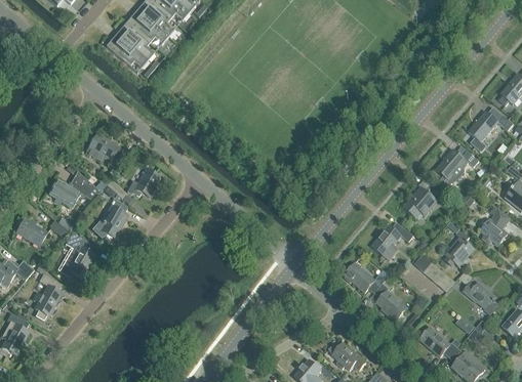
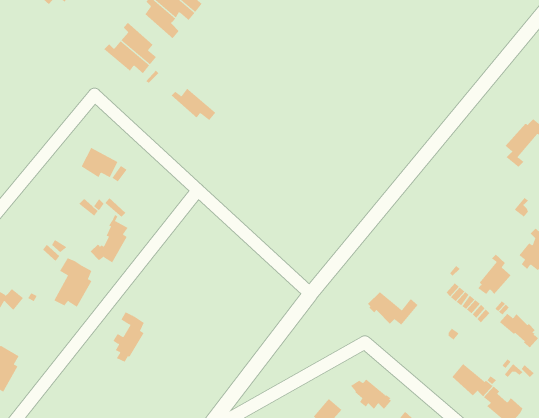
building: [127,13,168,43] -> [171,88,216,121]
building: [436,146,478,186] -> none
building: [127,168,161,197] -> none
building: [49,179,81,206] -> none
building: [404,184,442,218] -> none
building: [16,218,48,245] -> none
building: [371,221,413,259] -> none
building: [34,273,63,320] -> [113,311,144,363]
building: [374,284,407,321] -> none

